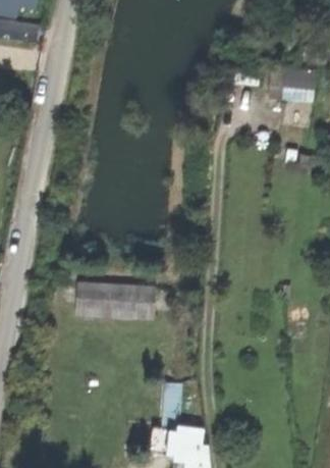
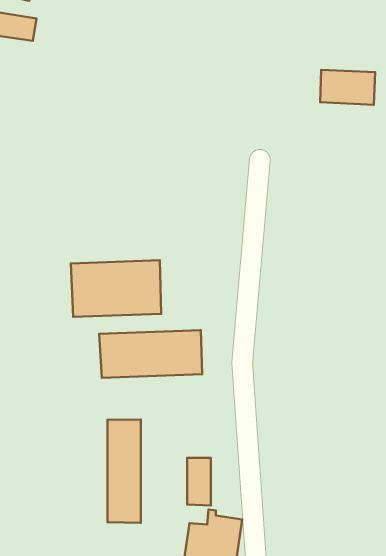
building: none -> [71,260,161,317]
building: none -> [107,419,141,523]

